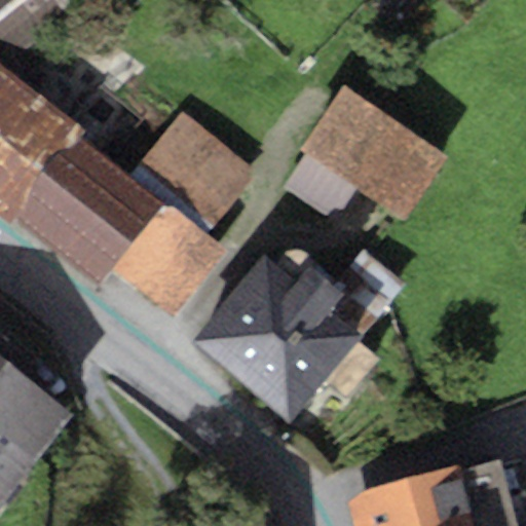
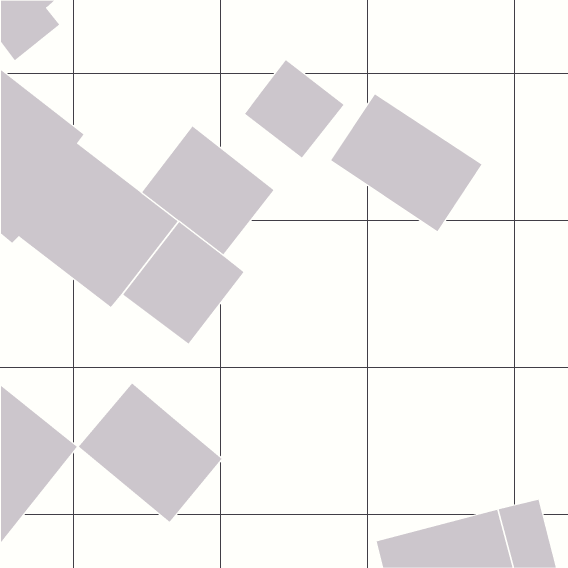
building: none -> [244,59,345,159]
building: [184,249,401,426] -> none
building: none -> [78,383,223,523]

